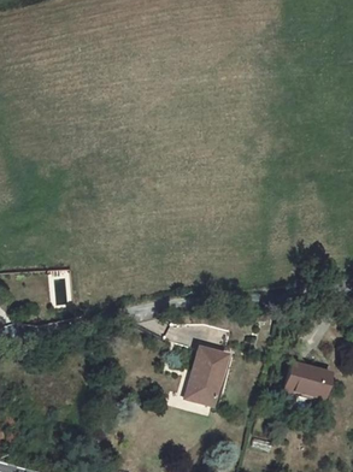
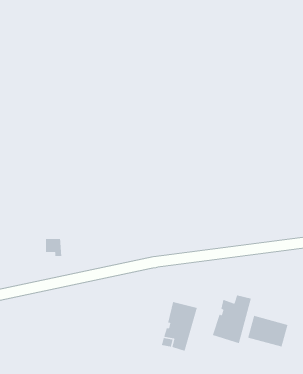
building: none -> [212,294,252,344]

